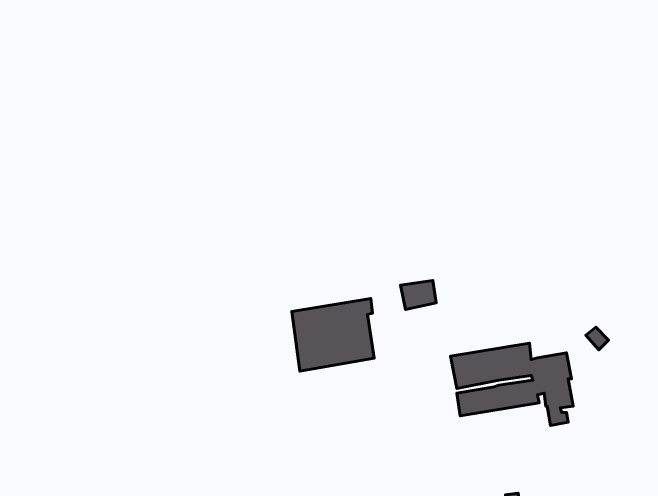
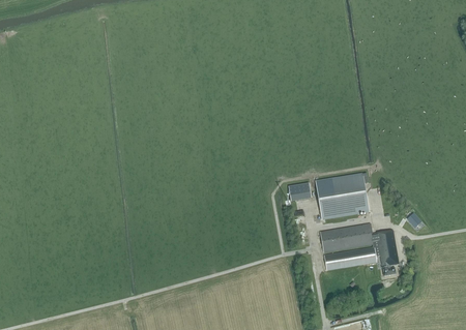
building: [292,299,374,371] -> [315,173,368,219]

